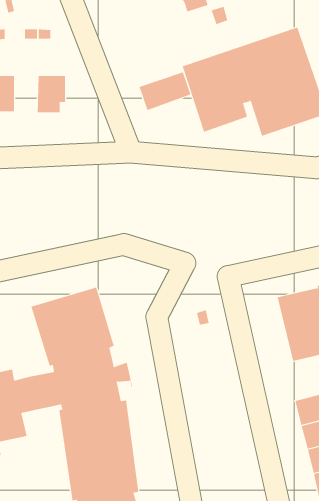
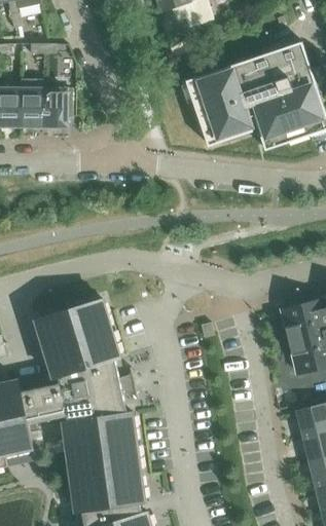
building: none -> [21,79,43,127]
building: [139,71,191,111] -> none

